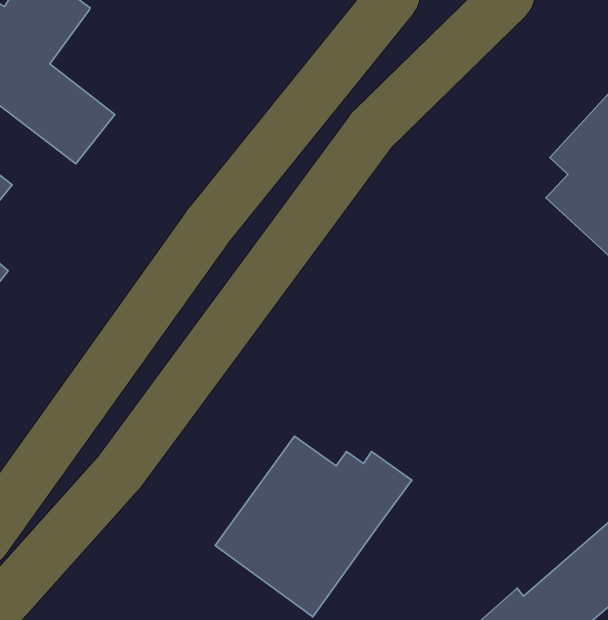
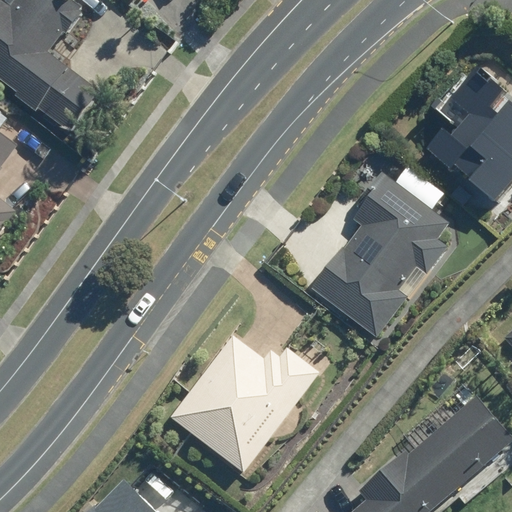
building: none -> [314,166,451,346]

